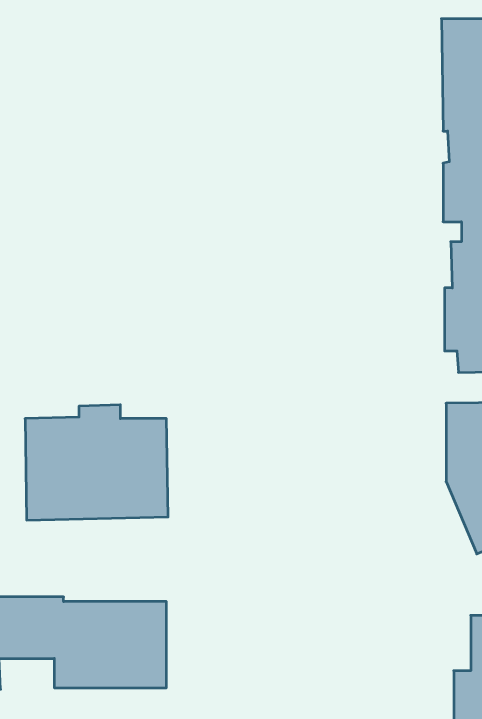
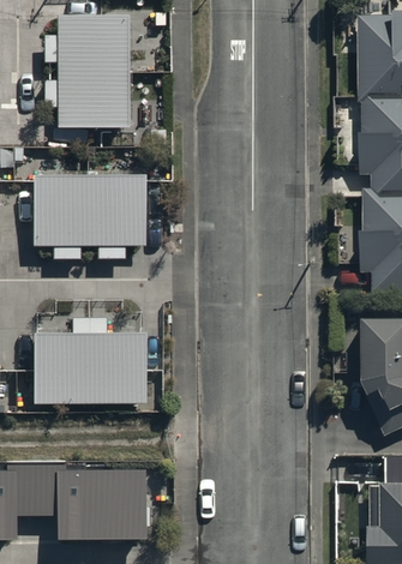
building: none -> [42,14,125,127]
building: none -> [29,172,142,260]

